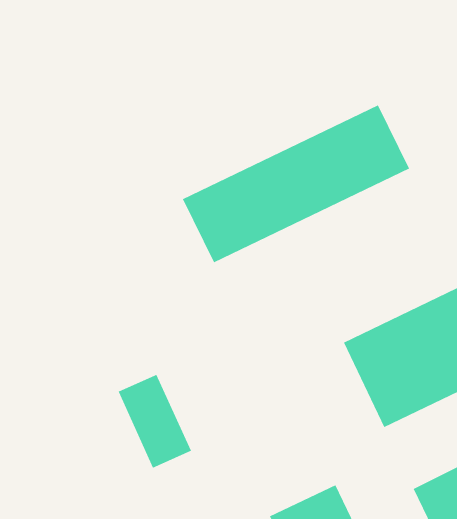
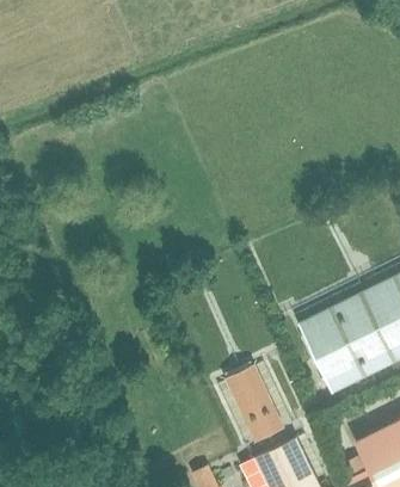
building: [182,105,410,263] -> none
building: [118,374,192,468] -> [224,366,285,444]

